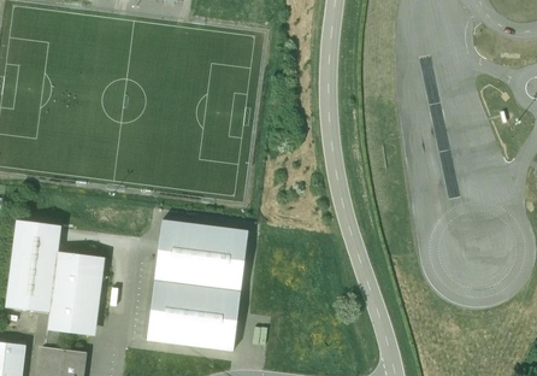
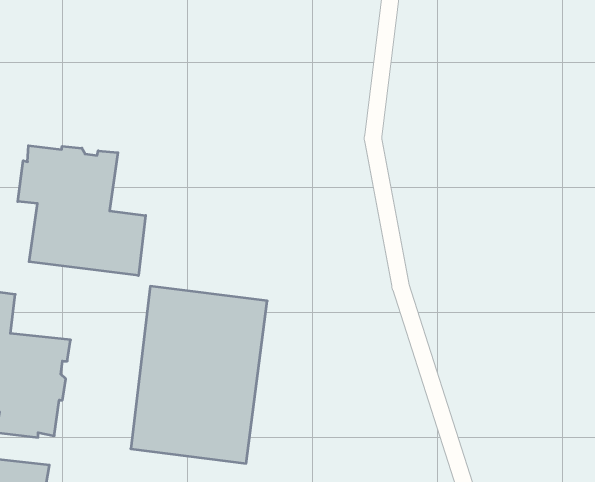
building: none -> [18,146,146,276]

